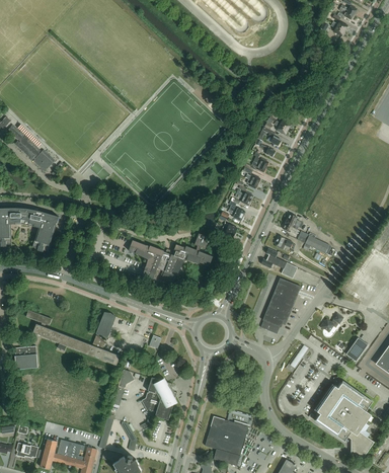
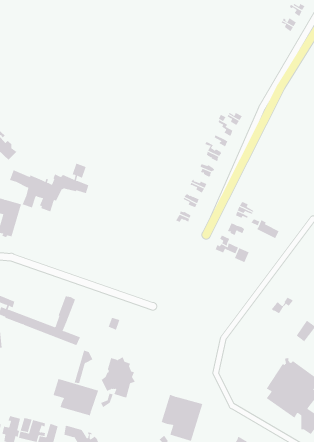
building: [129,233,213,285] -> [9,163,89,212]
building: [261,278,301,334] -> none
building: none -> [53,378,99,416]

